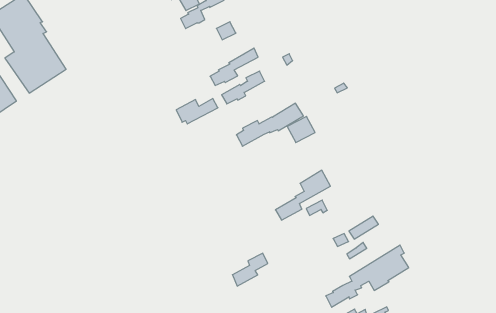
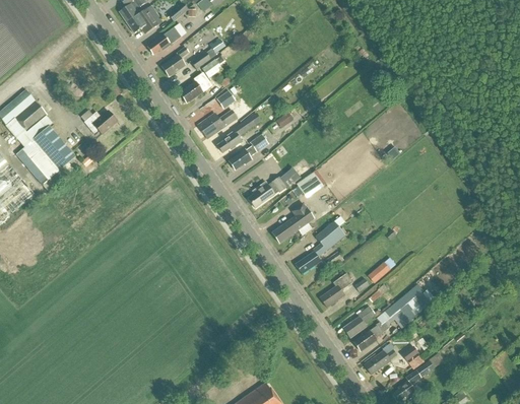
building: none -> [83,111,117,134]
building: [176,99,218,124] -> [197,110,237,137]
building: none -> [271,205,315,244]
building: [232,253,268,286] -> [320,273,352,308]
building: none -> [342,307,375,338]

